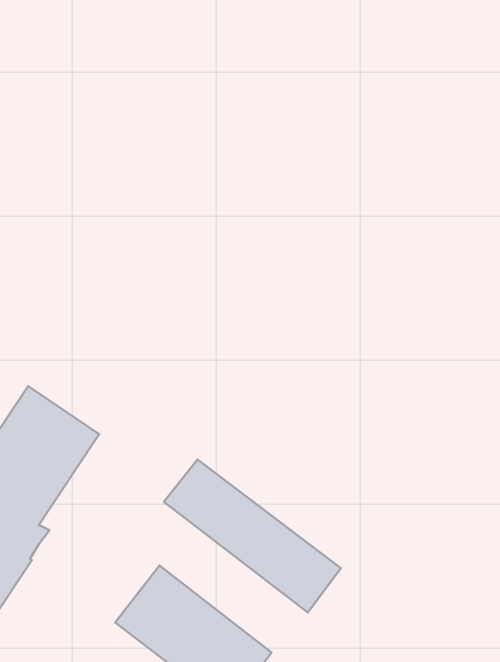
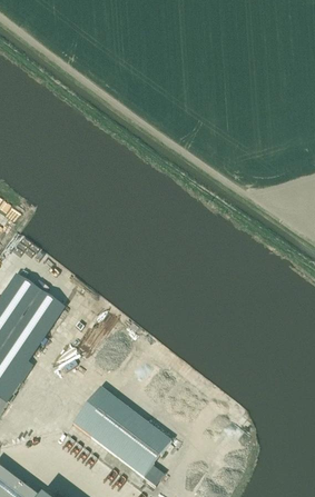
building: [164,459,341,613] -> none

